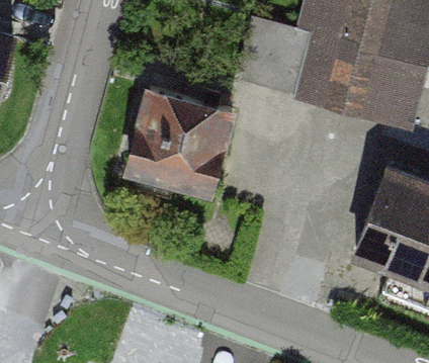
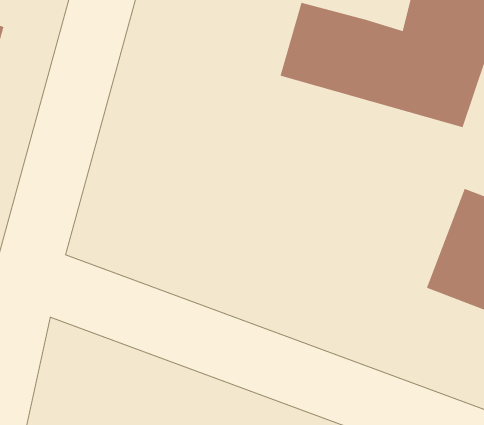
building: [119,88,242,209] -> none

